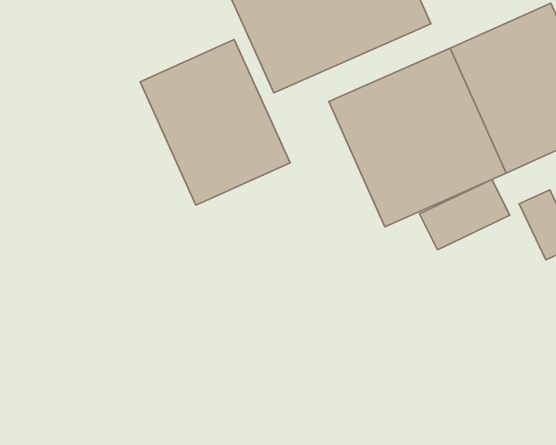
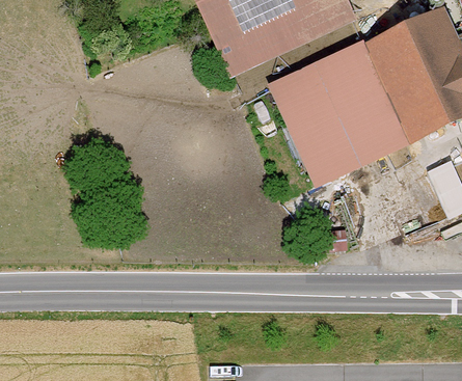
building: [140,40,290,205] -> none
building: [420,179,510,250] -> none

